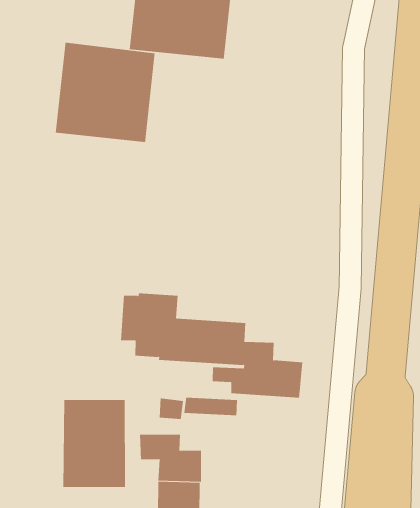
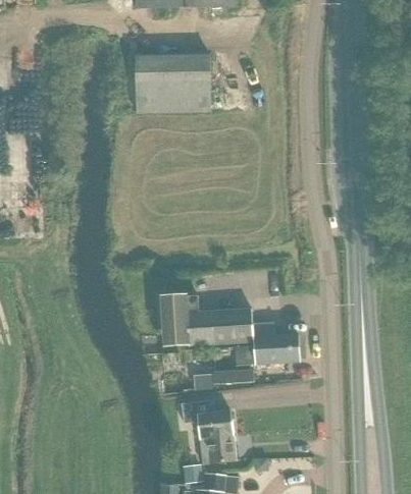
building: [55,42,155,143] -> none
building: [63,399,125,488] -> none

